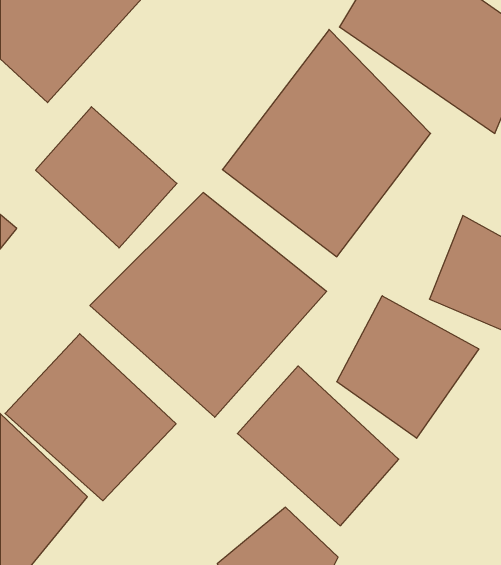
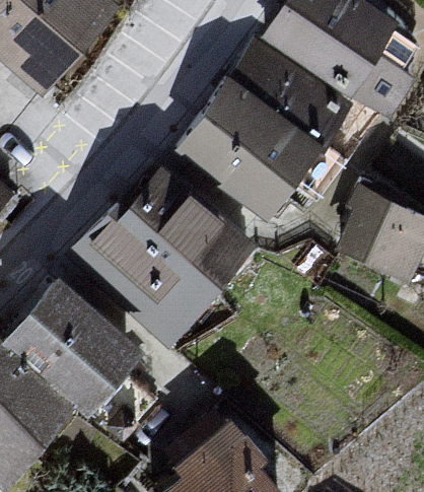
building: [36,107,177,248] -> none
building: [337,296,479,438] -> none
building: [237,366,399,526] -> none

